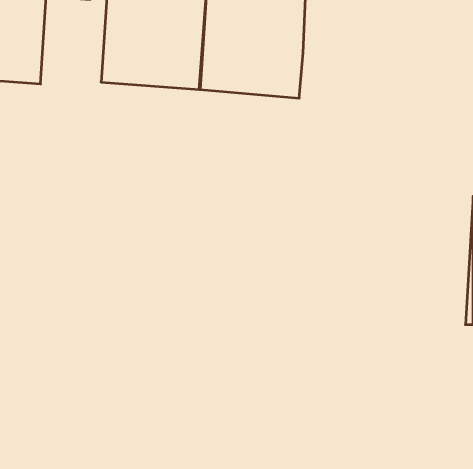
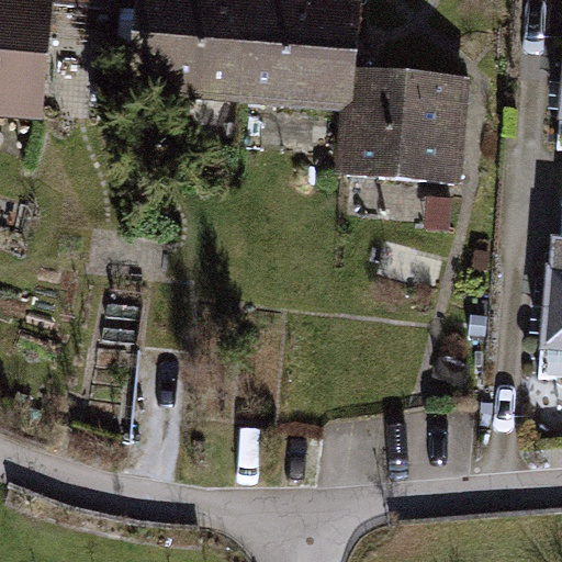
building: none -> [345,61,469,180]

